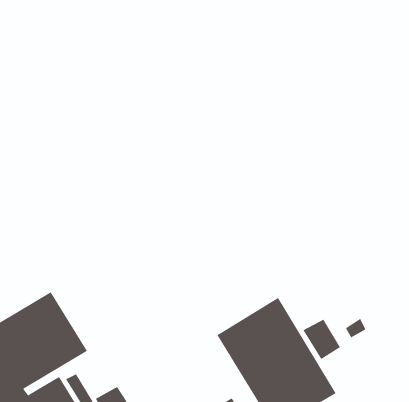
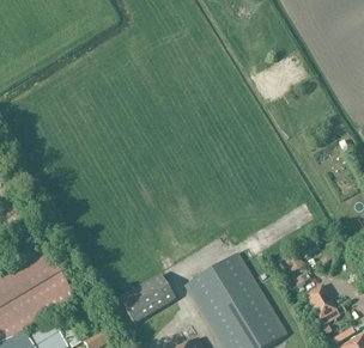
building: [303,319,341,360] -> [304,285,336,319]
building: none -> [119,274,175,323]

